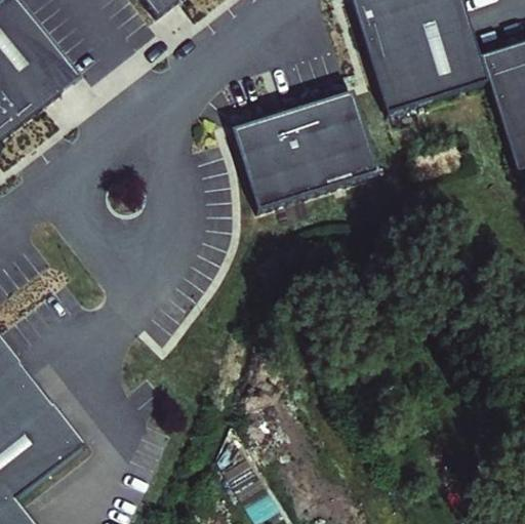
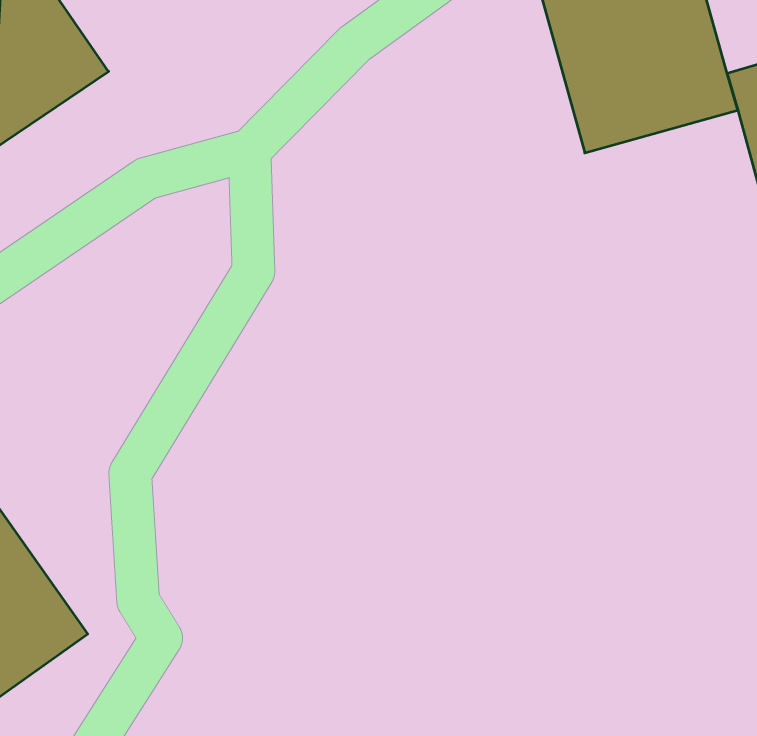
building: [228,90,376,212] -> none

